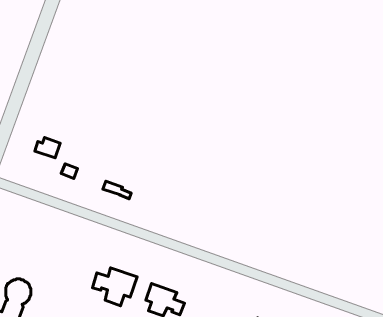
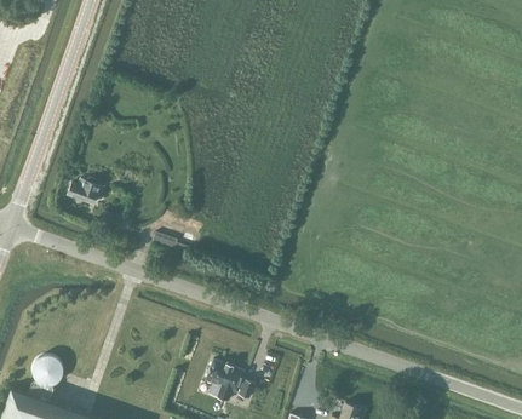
building: [93,268,137,306] -> none

